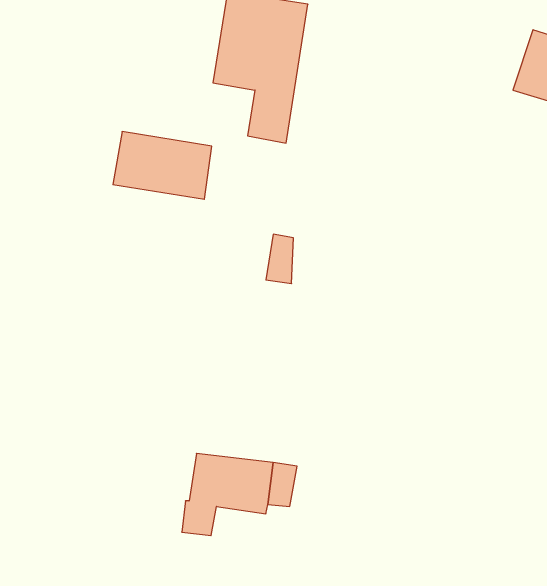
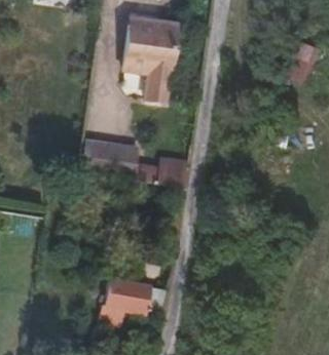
building: [113,132,212,199] -> [78,140,134,178]

